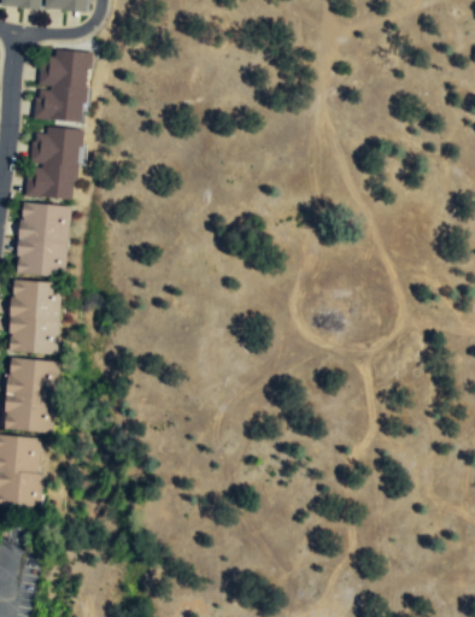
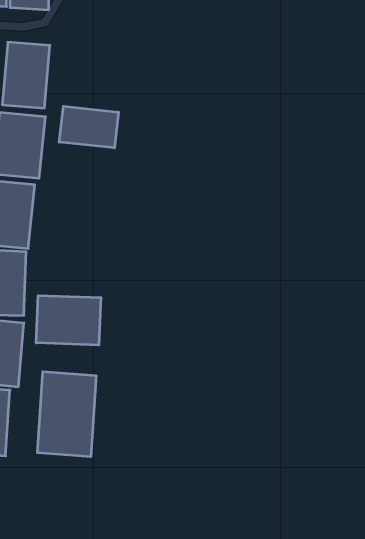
building: none -> [59,106,118,148]
building: none -> [36,296,101,345]
building: none -> [37,372,96,457]

